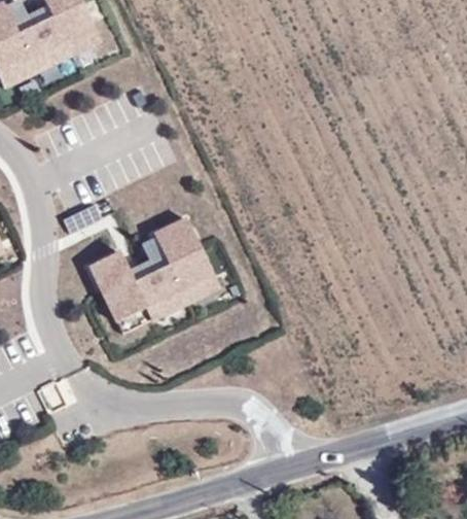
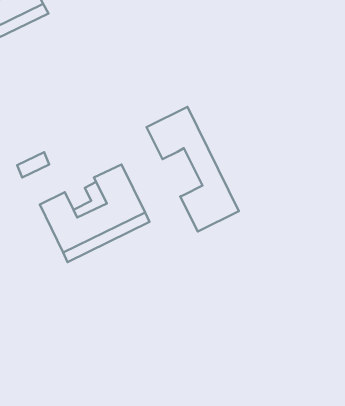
building: none -> [147,107,239,231]

